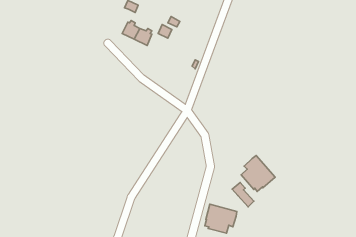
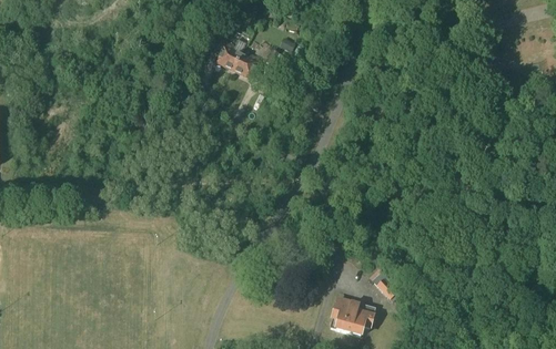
building: [241,156,275,191] -> none

